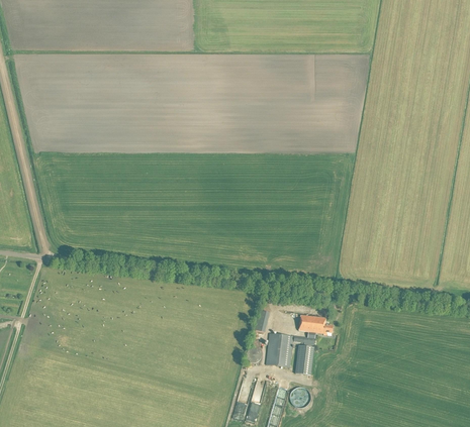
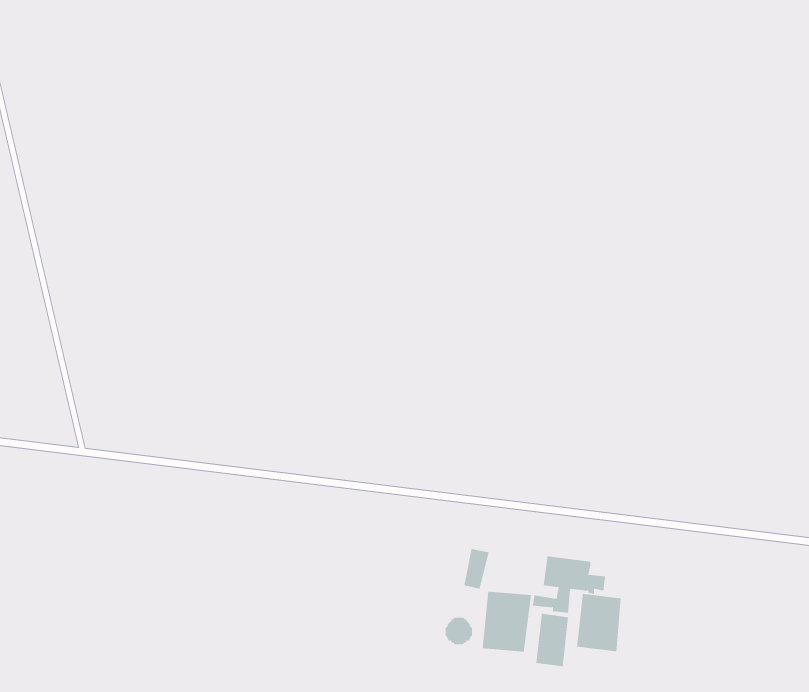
building: none -> [576,593,621,652]

